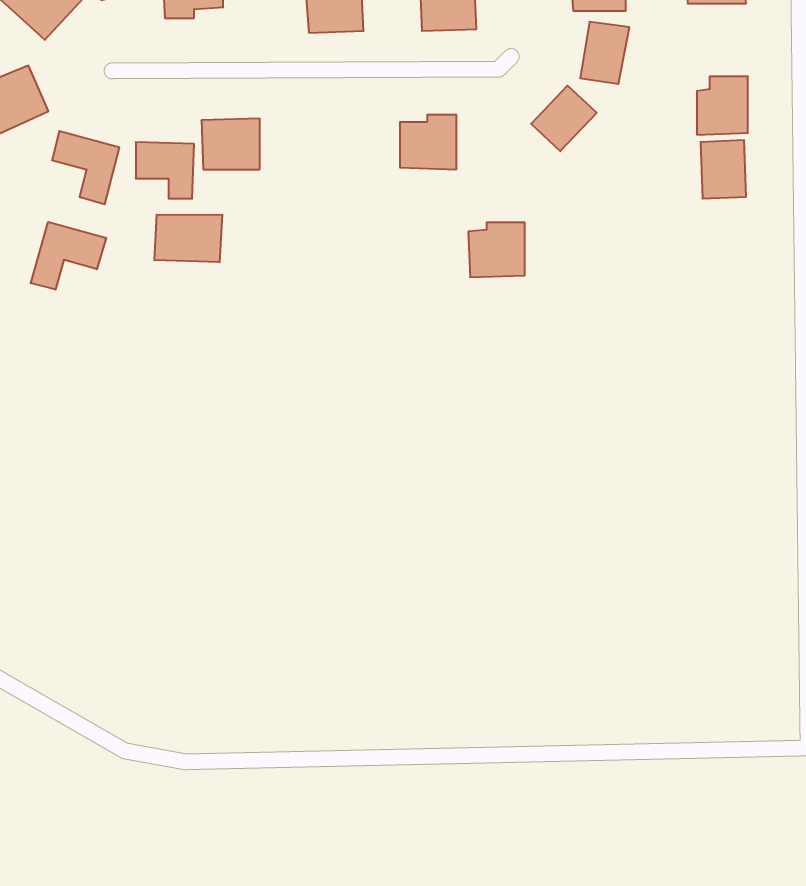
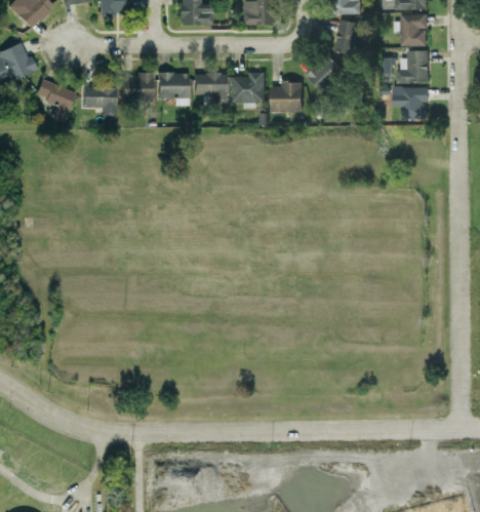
building: none -> [400,12,427,45]
building: none -> [158,72,189,105]
building: none -> [195,72,227,105]
building: [154,215,222,262] -> none
building: [31,222,106,290] -> none
building: [468,222,525,277] -> [271,80,303,111]

